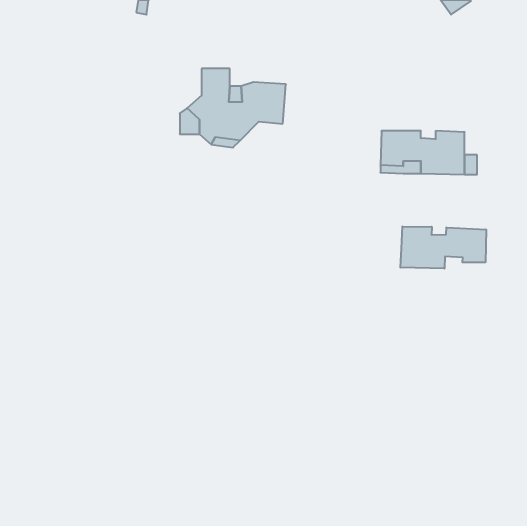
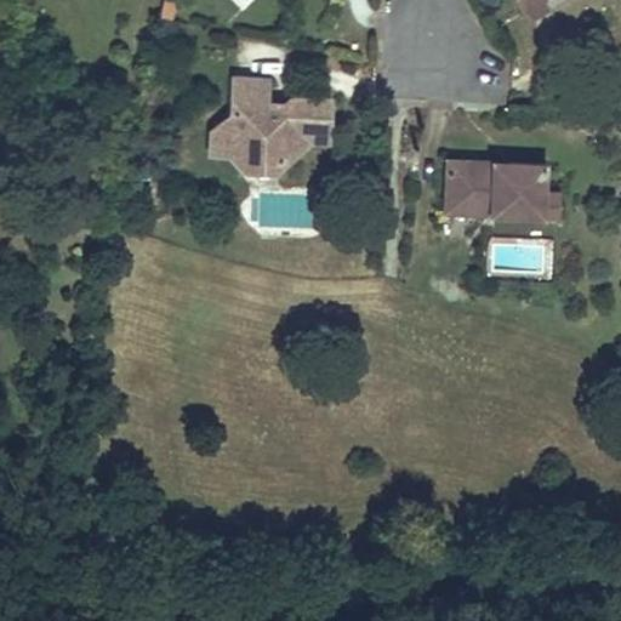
building: [400,226,486,269] -> none

